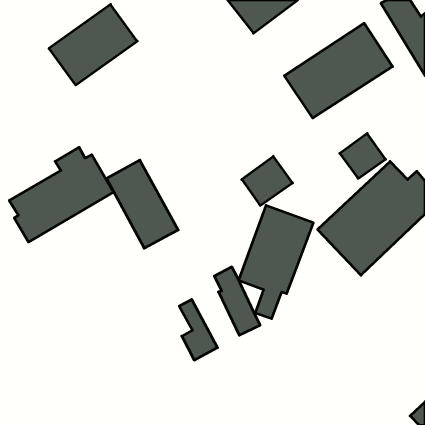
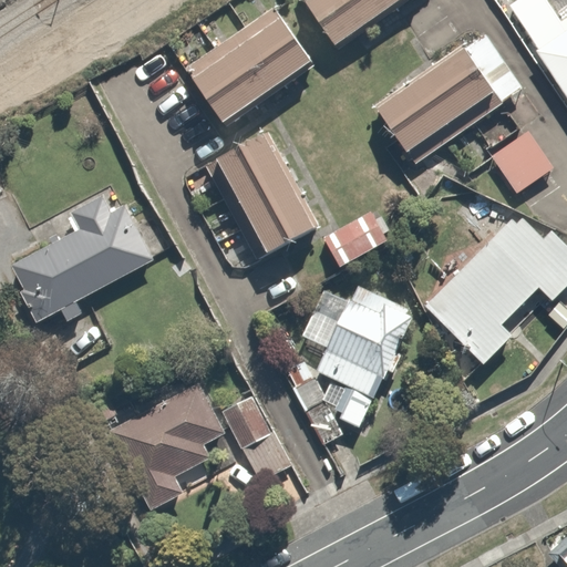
building: [49,4,137,85] -> [189,14,307,122]
building: [340,133,386,178] -> [488,131,549,190]
building: [107,160,178,248] -> [218,133,313,250]
building: none -> [107,379,224,507]

